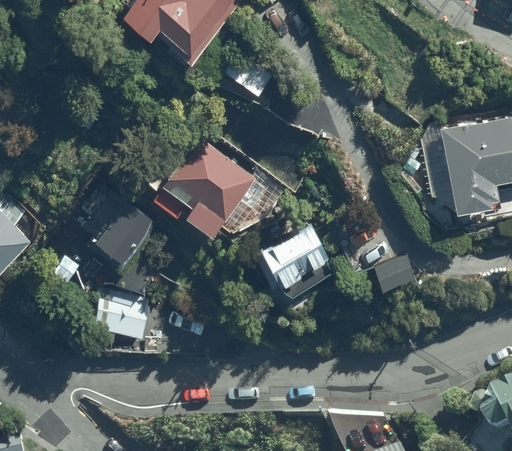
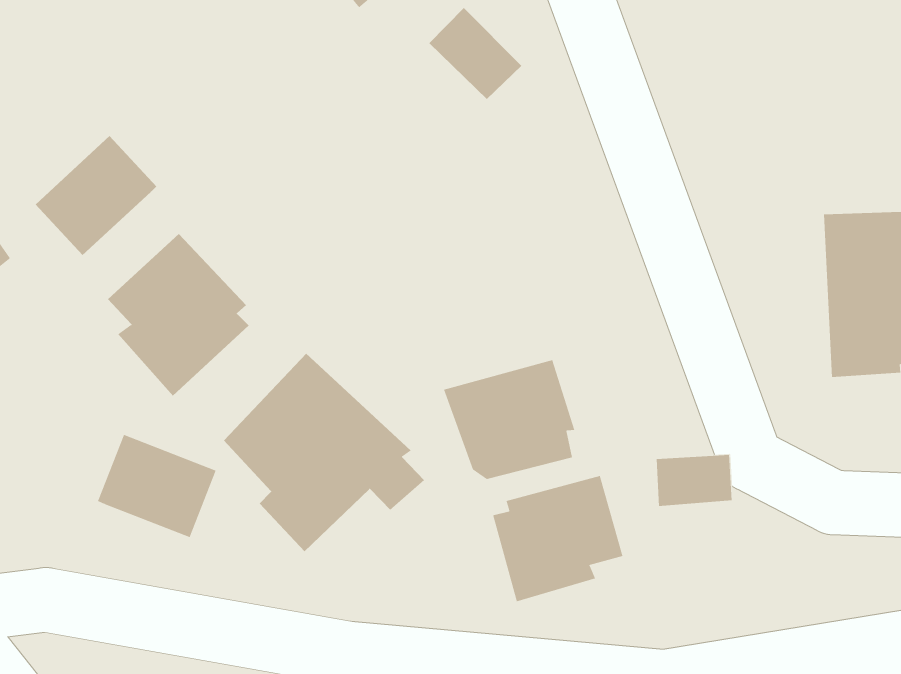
building: [160,139,265,240] -> [223,353,425,552]
building: none -> [35,135,157,256]
building: none -> [493,475,623,602]

